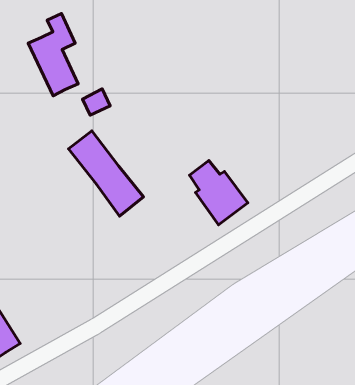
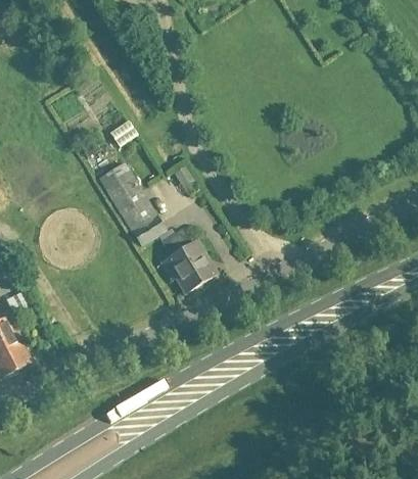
building: [28,14,78,96] -> none
building: [189,161,248,225] -> [161,229,216,292]

